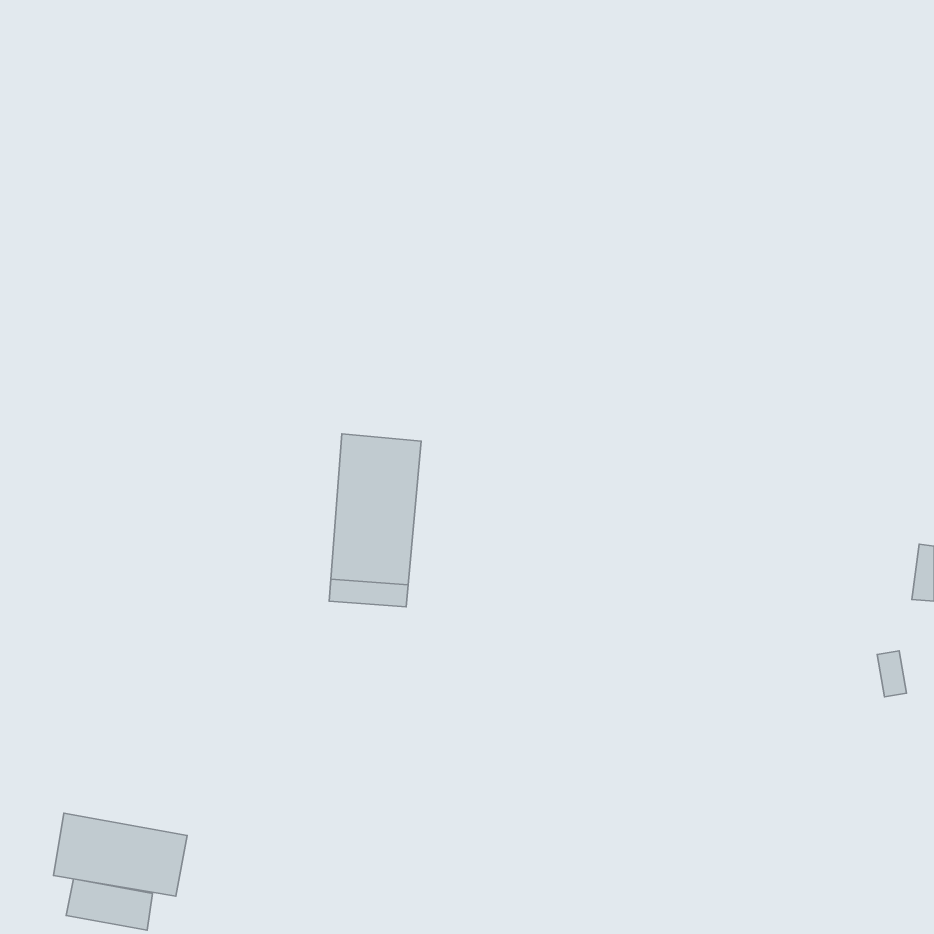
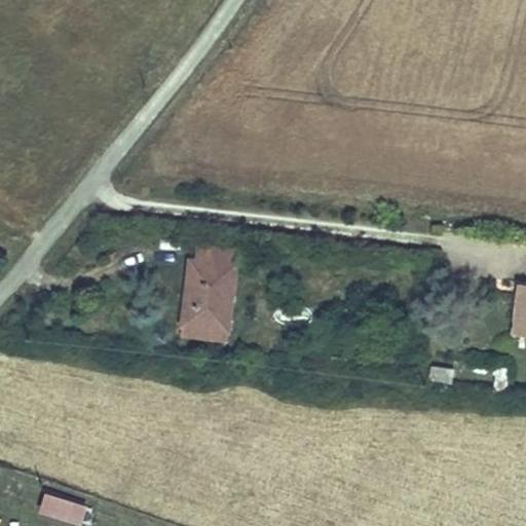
building: [54,813,187,896] -> none

